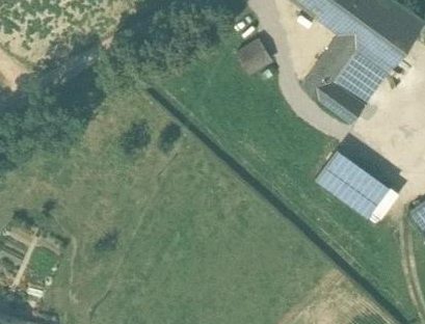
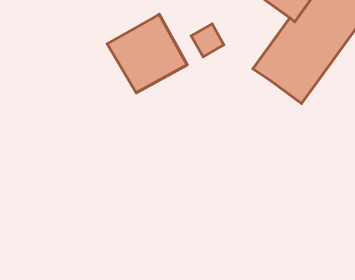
building: none -> [107,14,187,93]
building: [315,150,390,218] -> none

